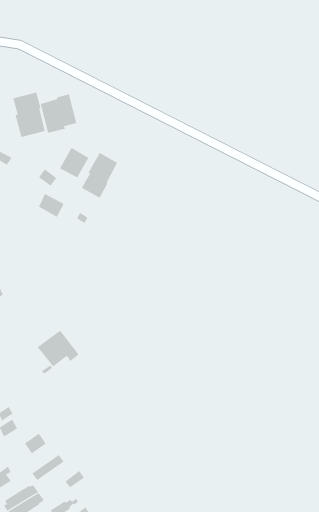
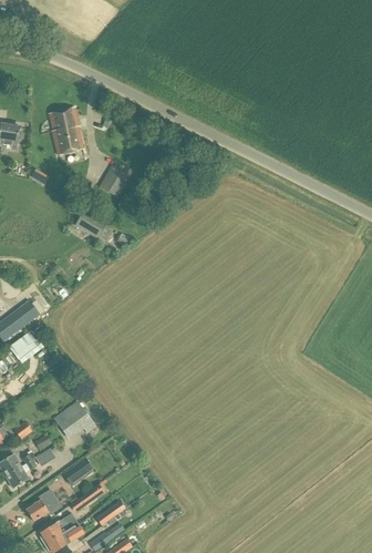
building: [40,94,77,133] -> none
building: [81,152,118,198] -> none
building: [37,330,80,367] -> [53,400,97,439]

